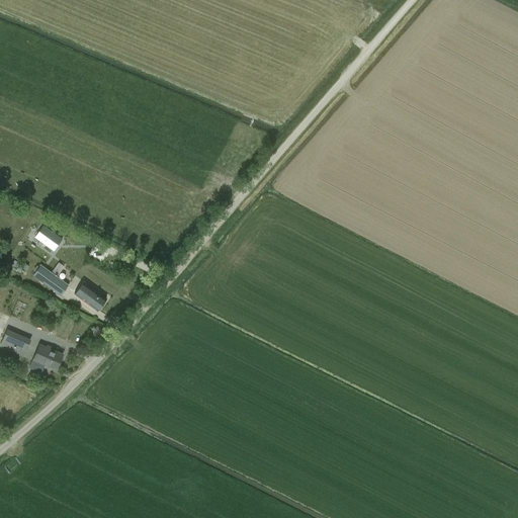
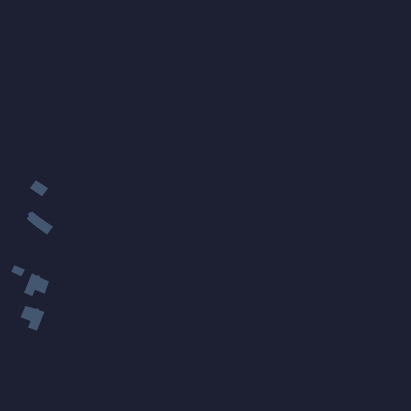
building: [74,281,106,311] -> none
building: none -> [20,305,45,332]

